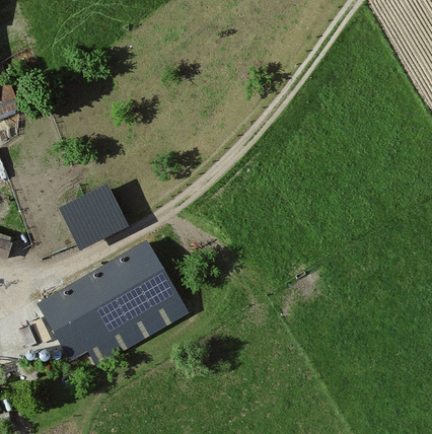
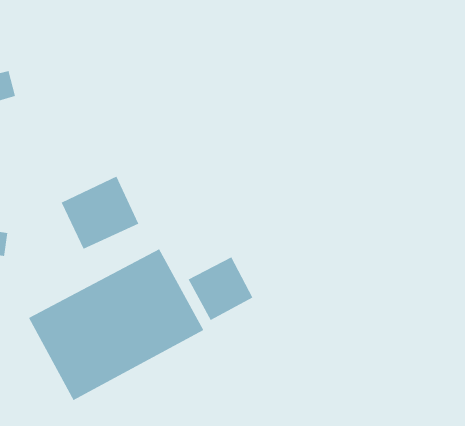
building: none -> [188,257,253,321]

